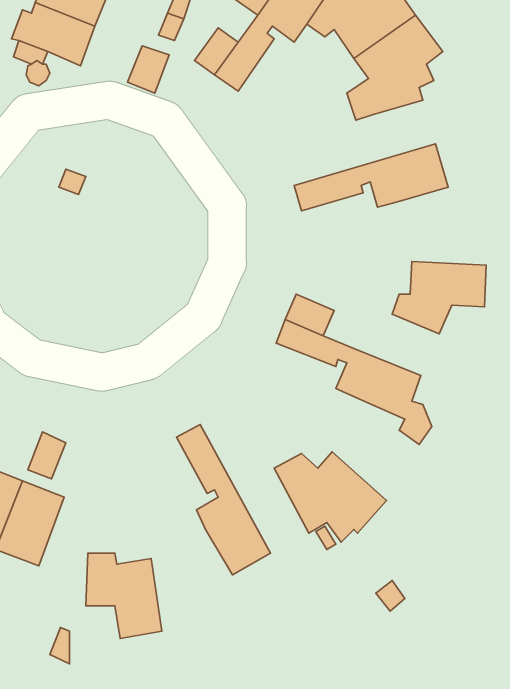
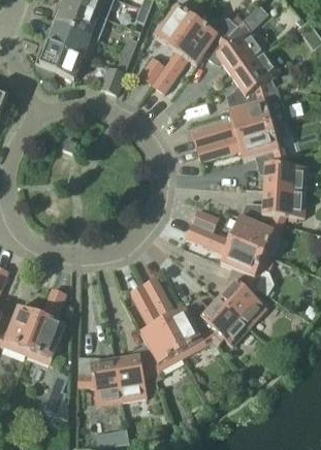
building: none -> [192,87,286,147]
building: none -> [255,148,308,192]
building: none -> [230,215,279,255]
building: none -> [218,267,266,326]
building: none -> [142,276,204,356]
building: none -> [115,343,161,400]

